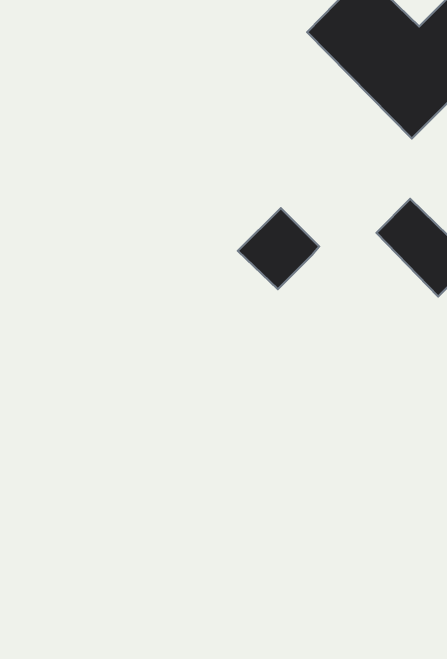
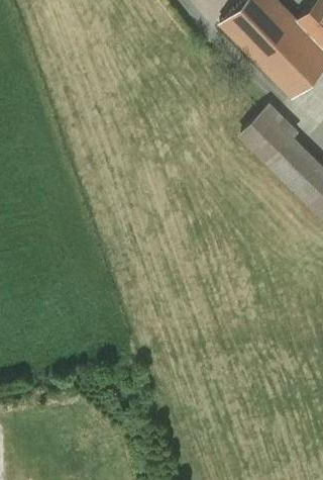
building: [238,208,319,289] -> [241,107,297,163]

